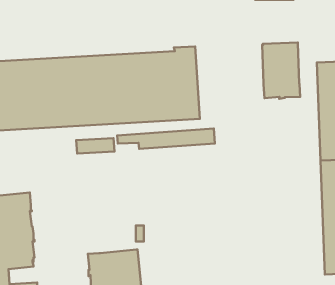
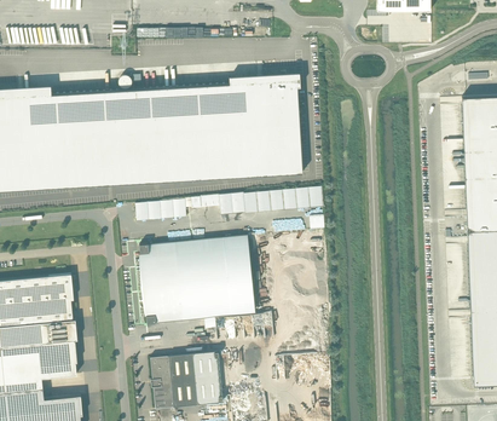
building: [262,43,300,99] -> none
building: none -> [139,238,255,325]

